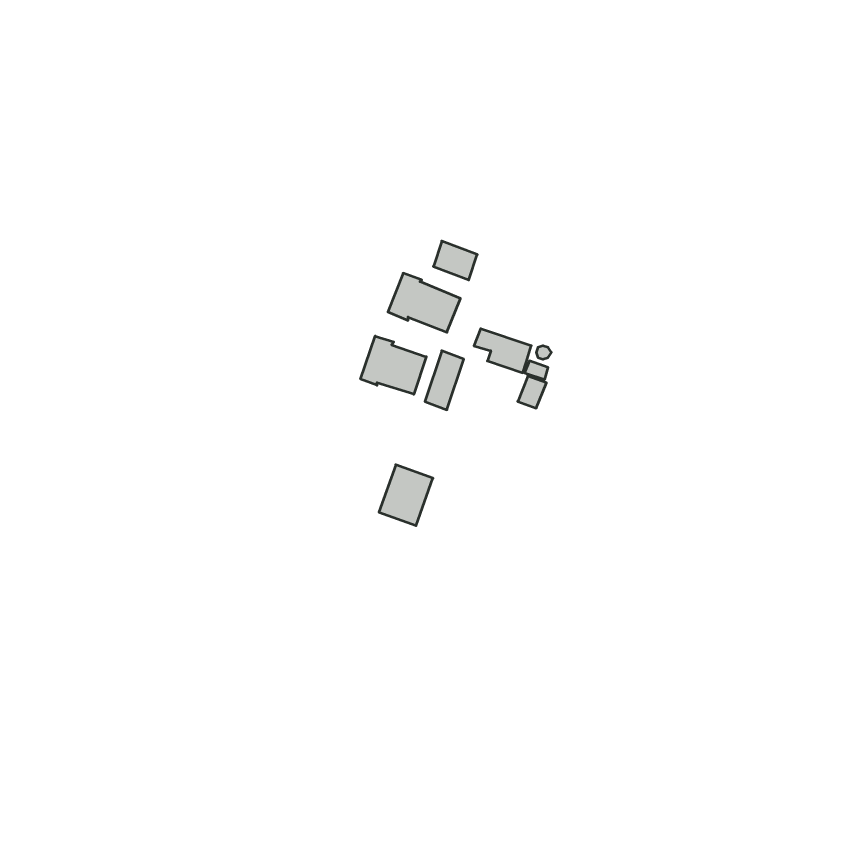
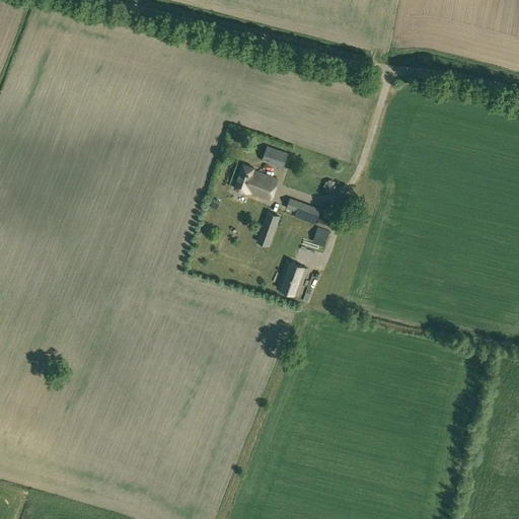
building: [361,336,426,394] -> none
building: [379,465,433,526] -> [275,261,307,297]

